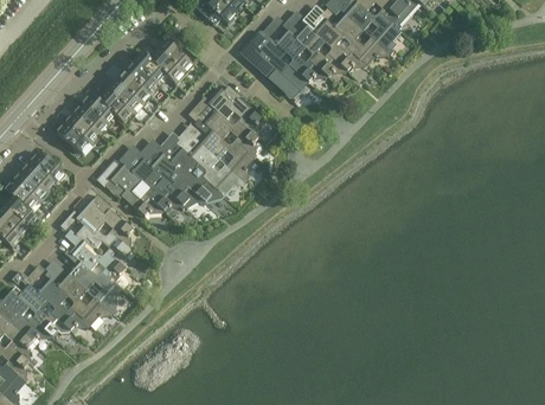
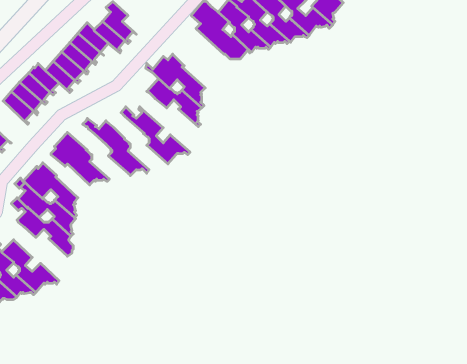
building: [193,117,254,182] -> none
building: [156,141,223,200] -> none
building: [117,155,184,212] -> none
building: [63,249,121,313] -> none

